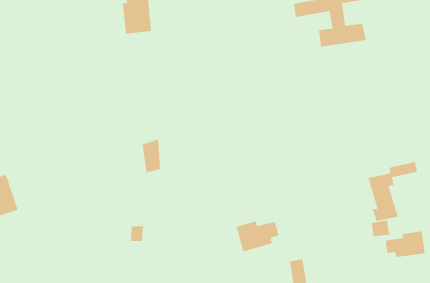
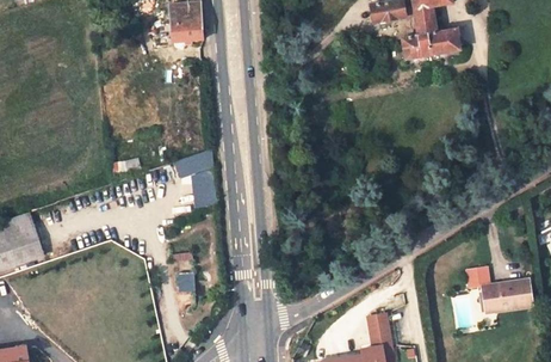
building: none -> [175,148,215,179]
building: [368,161,417,222] -> none
building: [236,221,279,252] -> none

